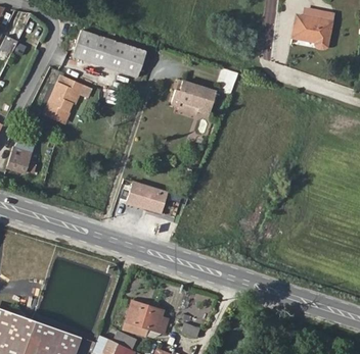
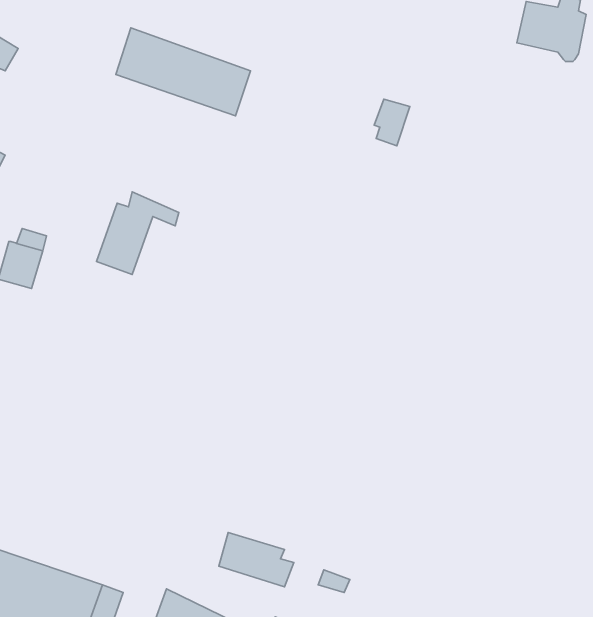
building: [45,78,90,122] -> [97,192,179,275]
building: [167,81,212,114] -> none
building: [128,183,168,213] -> none

